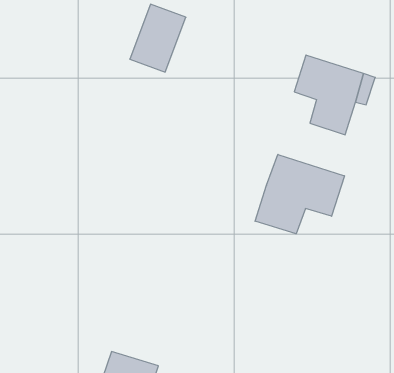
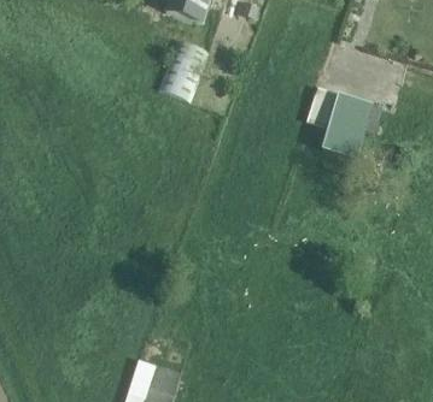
building: [255,154,344,234] -> none

